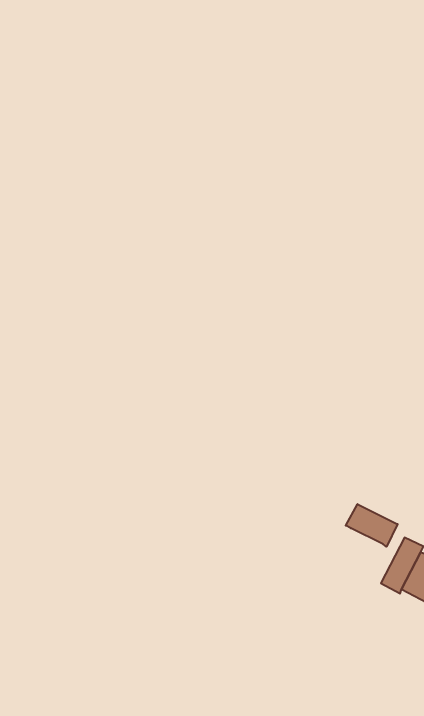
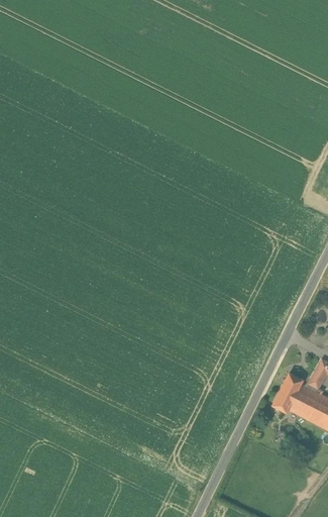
building: [346,504,398,547] -> none

